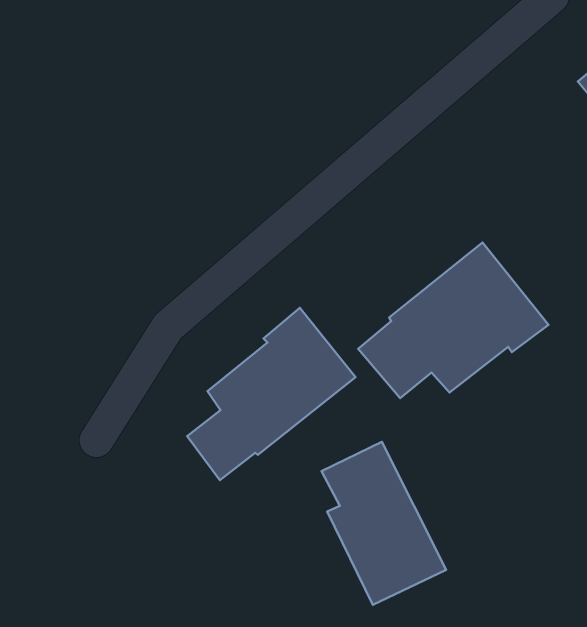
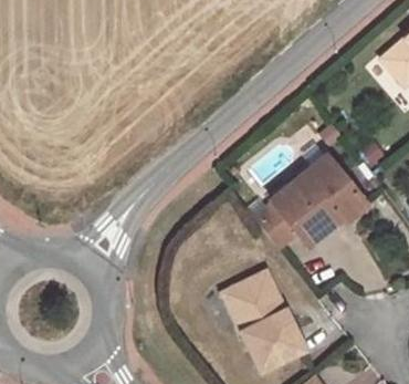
building: [187,308,355,480] -> none

